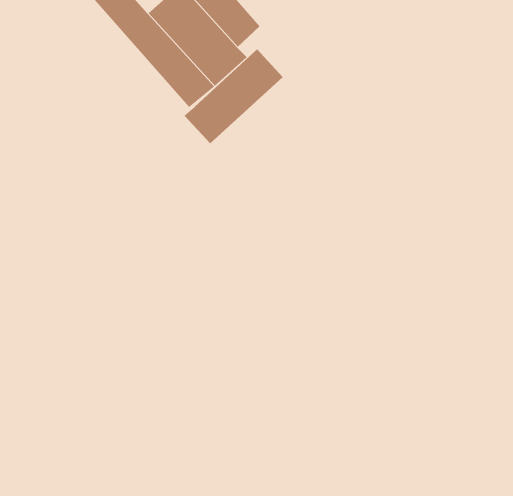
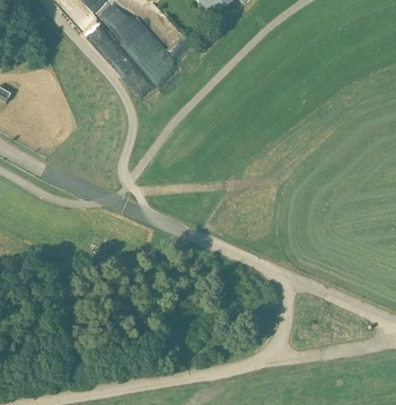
building: [183,48,284,144] -> none

